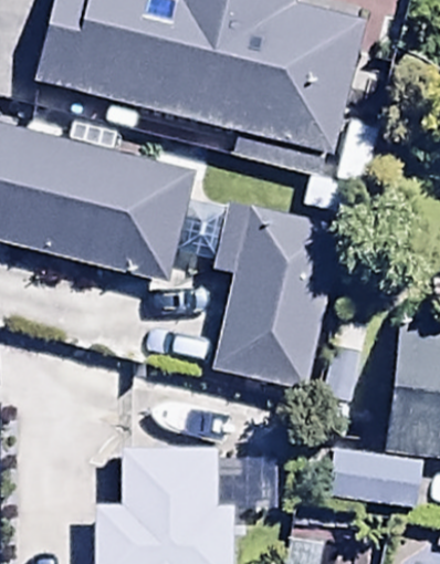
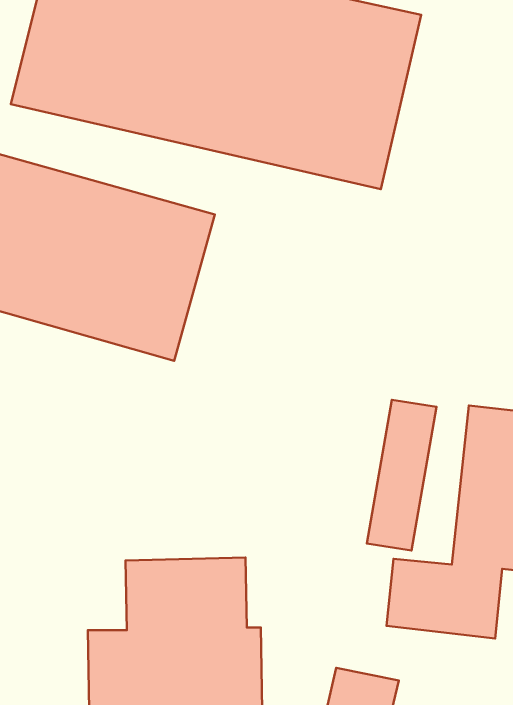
building: [209,208,343,397] -> none

